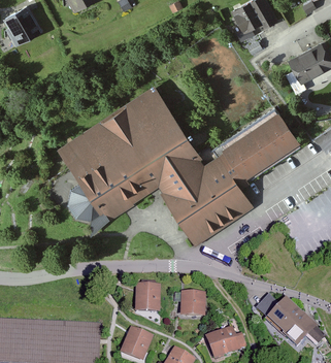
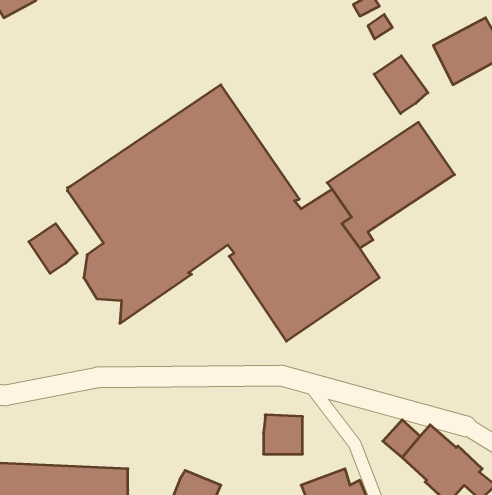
building: none -> [374,56,428,114]
building: none -> [29,224,77,273]
building: [135,284,161,312] -> none

